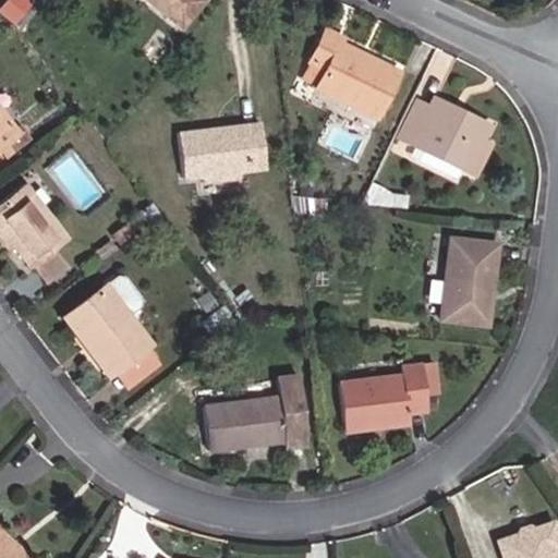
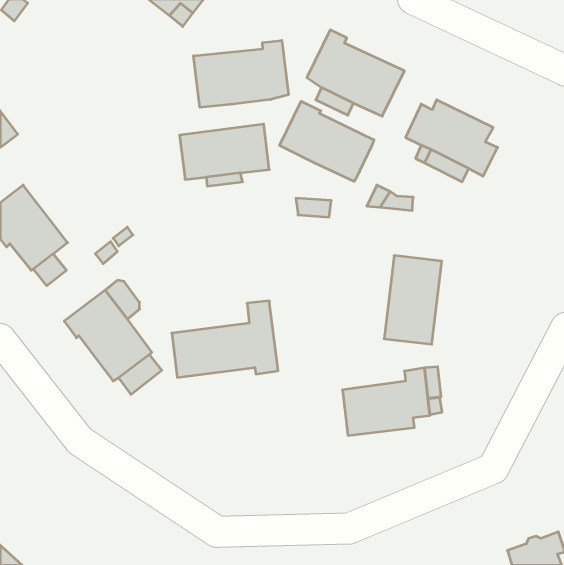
building: none -> [194,40,288,107]
building: none -> [280,101,374,181]
building: [441,236,498,324] -> [384,256,442,344]
building: [203,374,307,449] -> [172,301,278,377]

